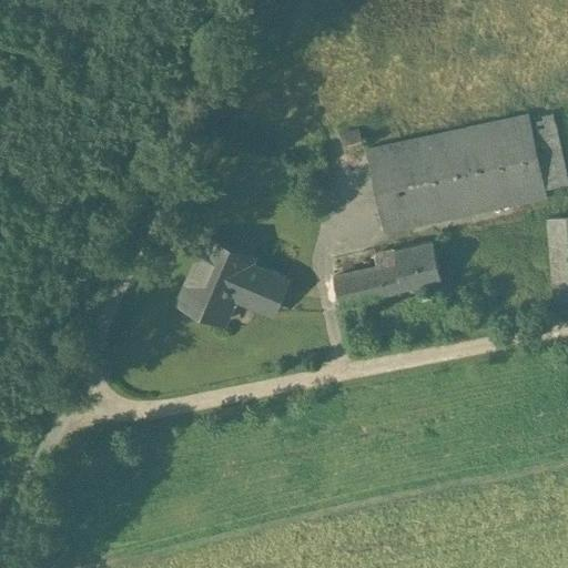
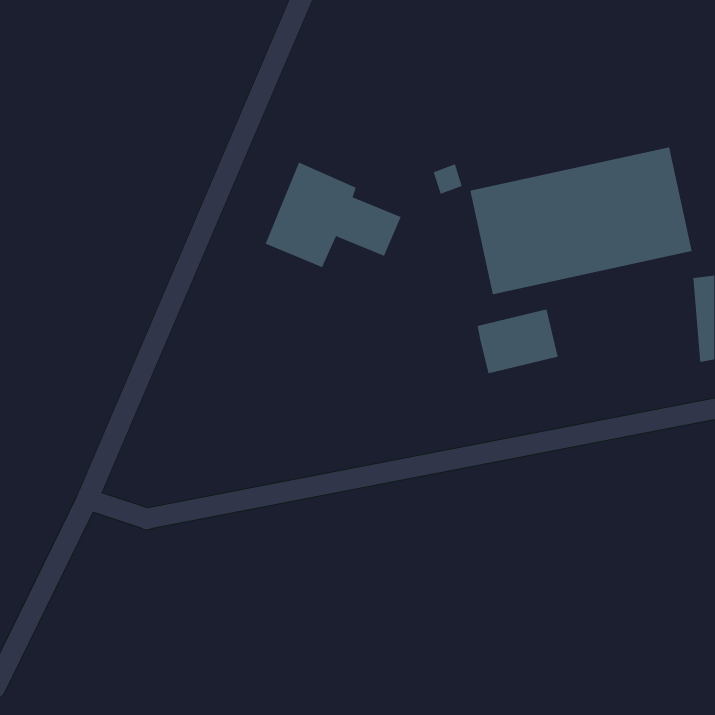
building: [176,235,284,318] -> [265,162,401,268]
building: [333,267,384,305] -> none

